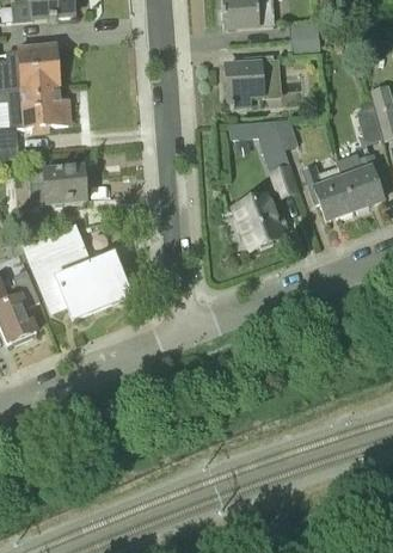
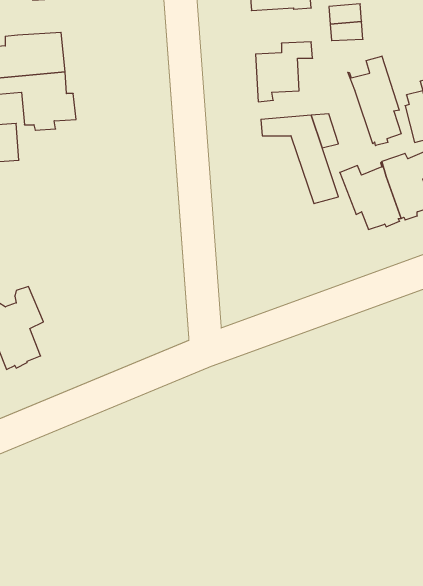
building: none -> [348,56,401,146]
building: [30,166,86,204] -> none
building: [234,196,281,250] -> none
building: [27,226,129,317] -> none

